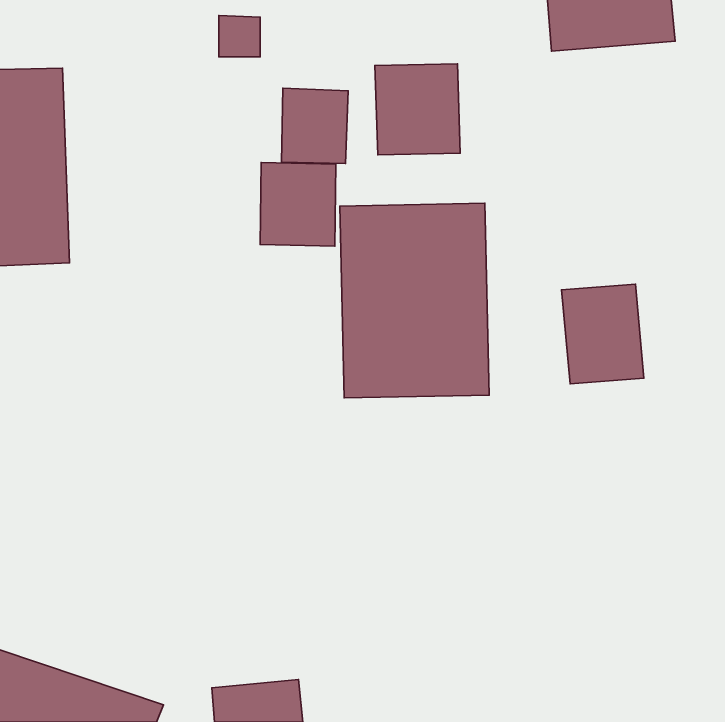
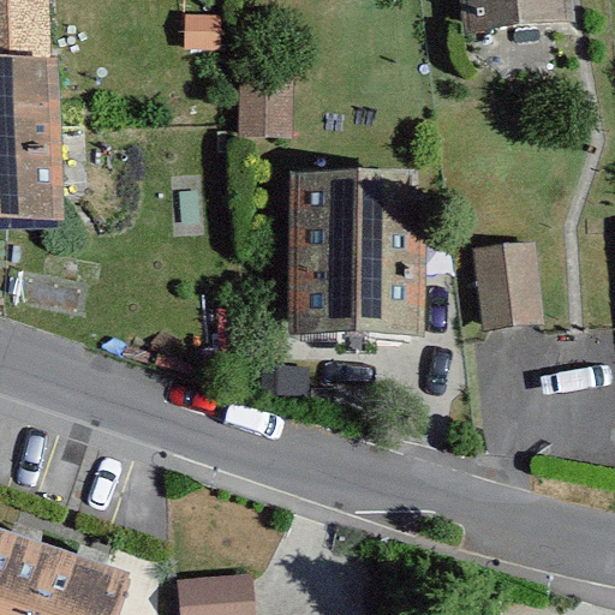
building: [375,64,460,155] -> none
building: [260,163,336,246] -> none

